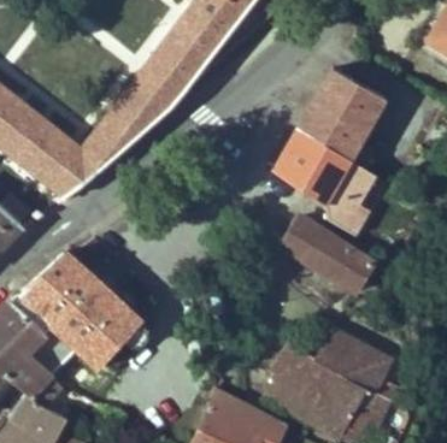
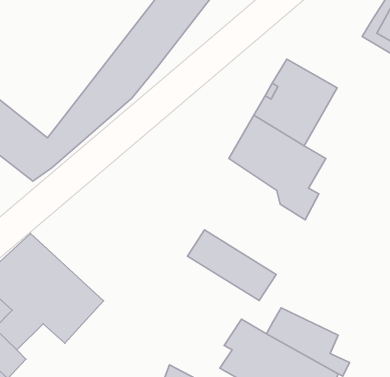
building: [280,218,374,293] -> [187,230,276,301]

